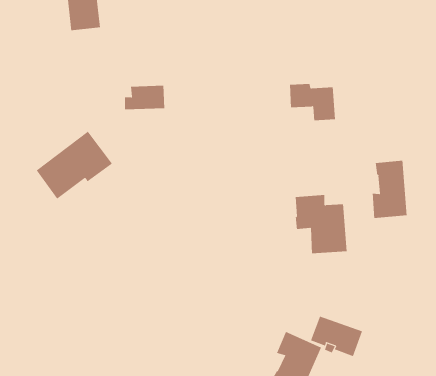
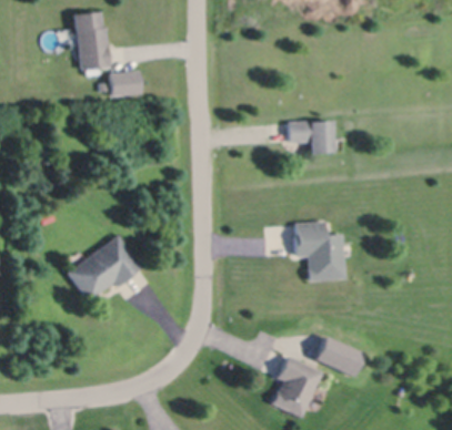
building: [124,85,165,110] -> [100,74,139,98]
building: [36,131,113,200] -> [69,237,142,303]
building: [372,160,407,219] -> none

